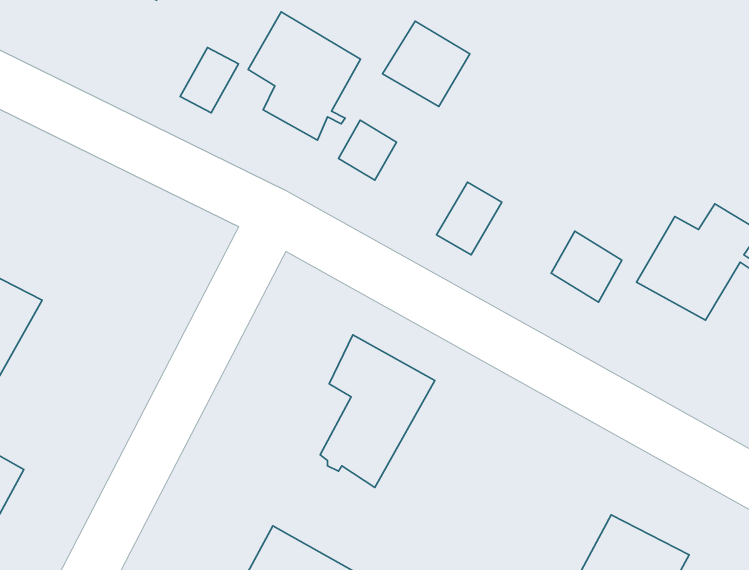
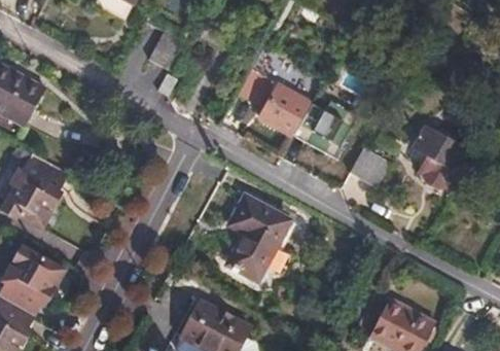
building: [248,12,361,140] -> none
building: [383,21,470,107] -> [260,89,310,137]

